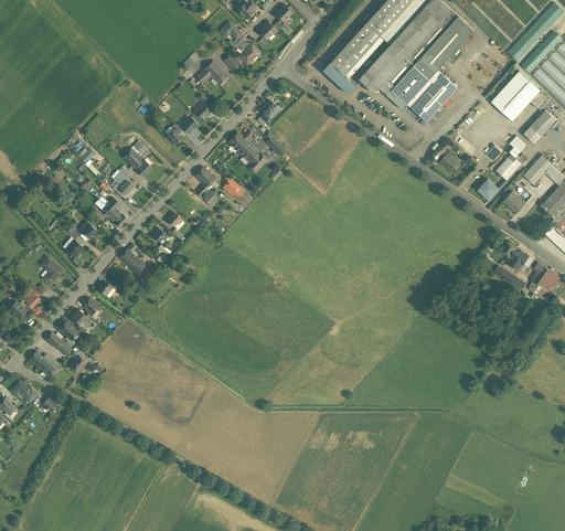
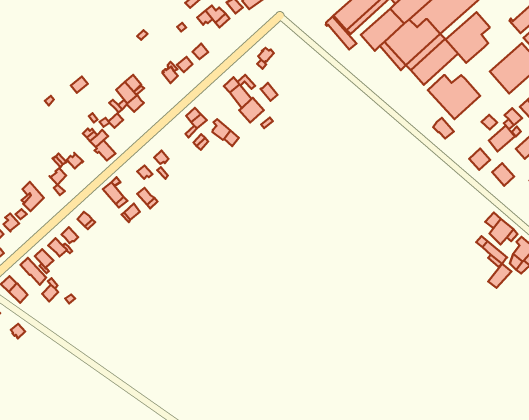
building: none -> [446,12,489,63]
building: none -> [428,75,480,119]

